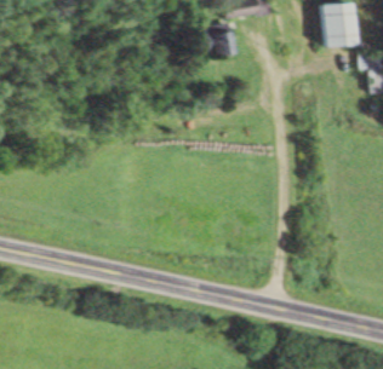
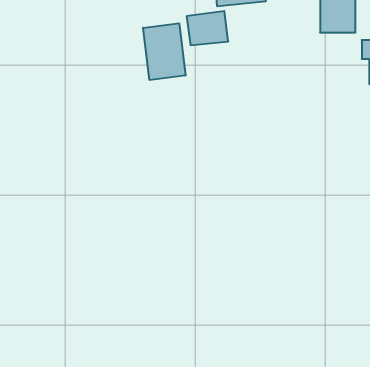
building: none -> [143,23,186,80]

